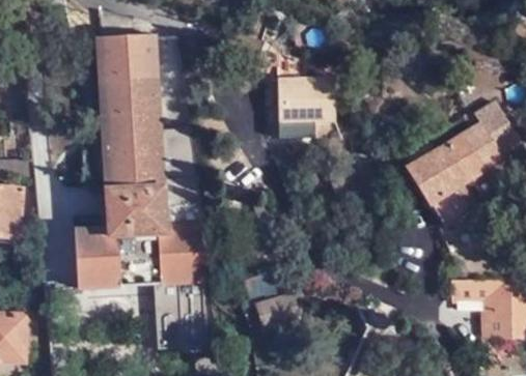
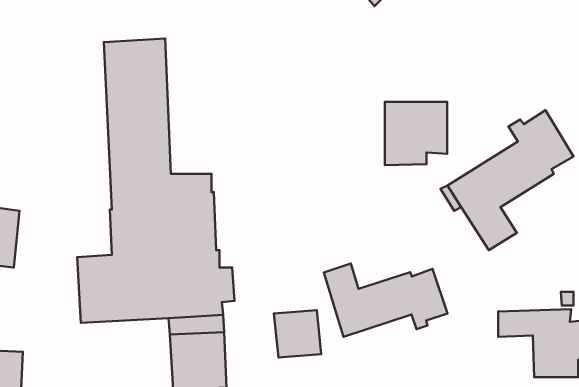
building: [277,76,333,133] -> [385,102,447,165]
building: none -> [324,264,448,337]

